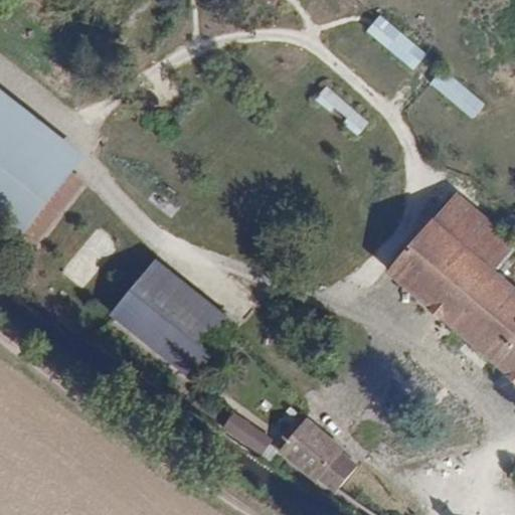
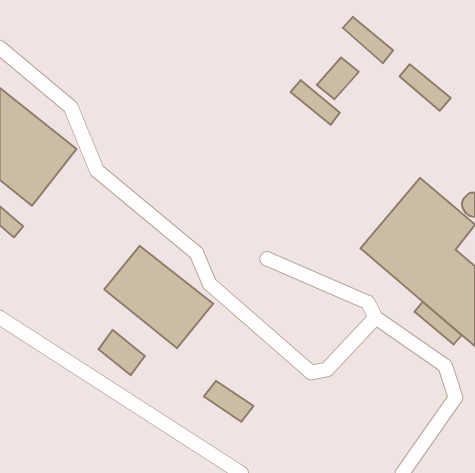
building: none -> [317,57,359,99]
building: none -> [98,330,145,375]
building: [280,416,356,488] -> none

